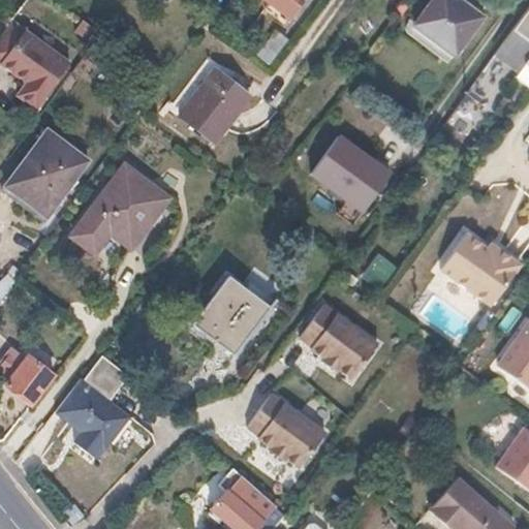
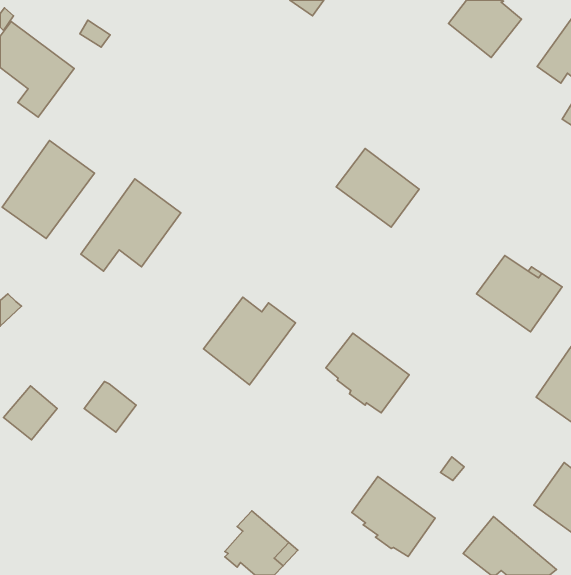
building: [182,70,253,143] -> none
building: [56,375,129,454] -> none
building: [249,394,325,467] -> [352,477,435,556]

